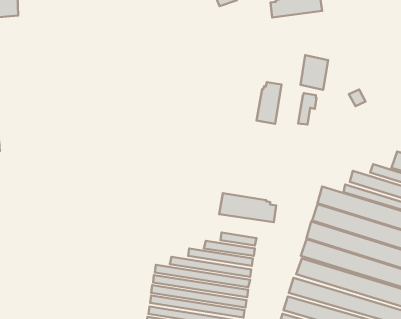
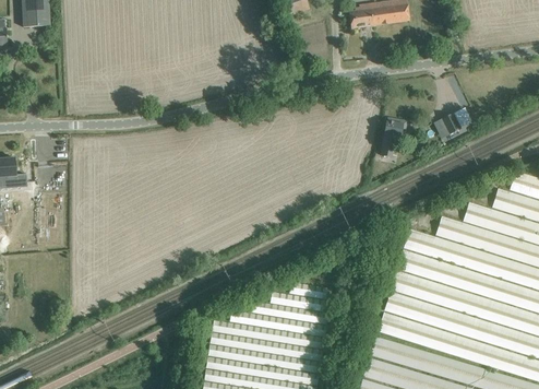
building: [300,55,328,90] -> none
building: [257,82,282,124] -> none
building: [219,193,276,222] -> none

